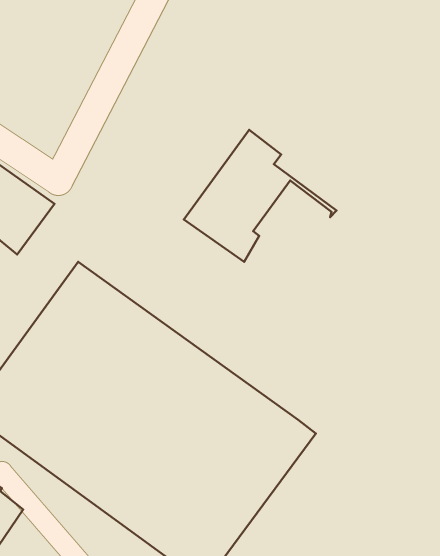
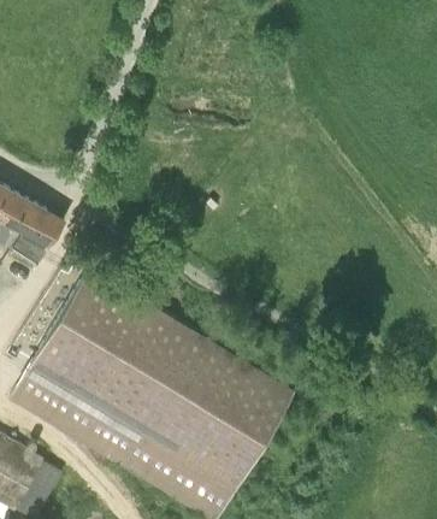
building: [184,130,337,262] -> none

